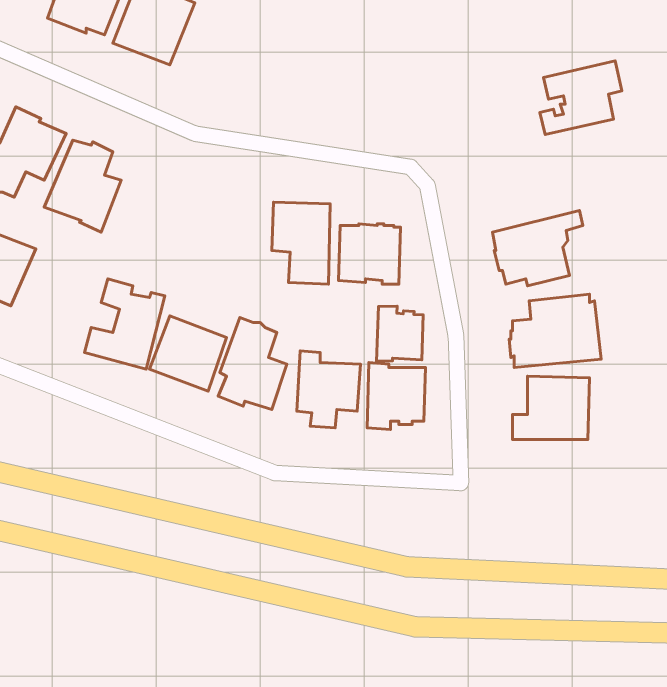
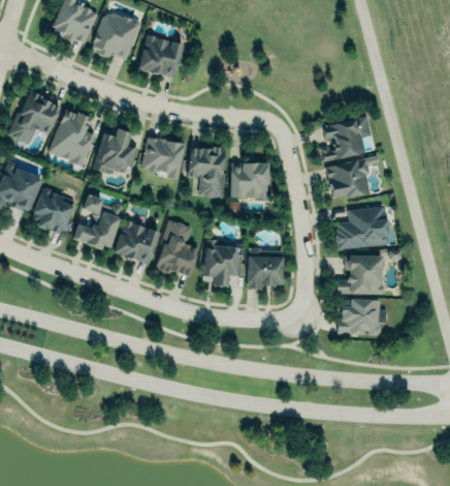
building: none -> [138,33,184,78]
building: [540,61,622,134] -> [321,116,372,161]
building: none -> [94,127,140,175]
building: none -> [141,138,185,181]
building: none -> [32,186,77,235]
building: [376,306,423,361] -> none
building: none -> [340,300,387,335]

